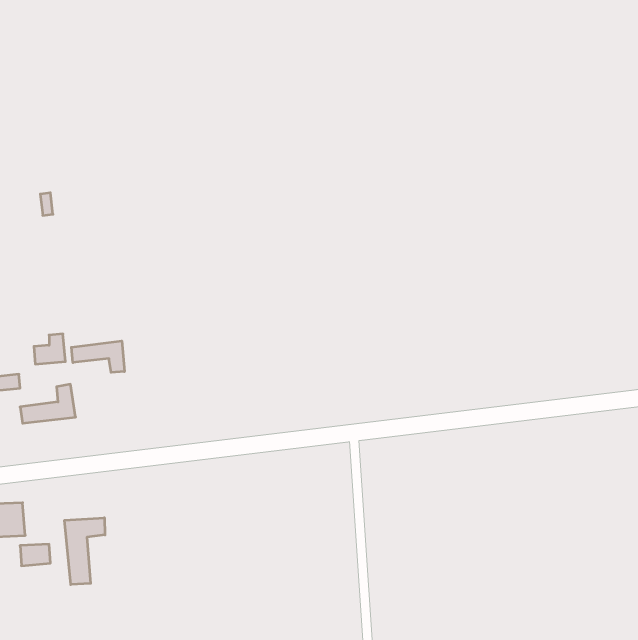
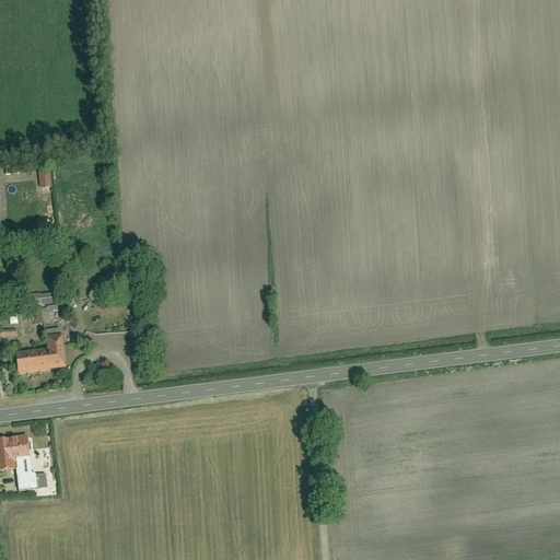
building: [71,341,124,372] -> none
building: [65,518,105,585] -> none

